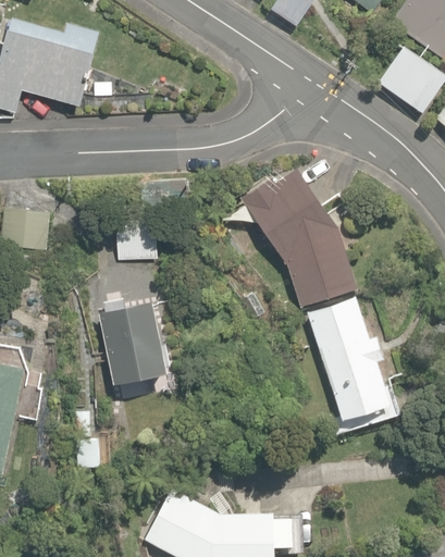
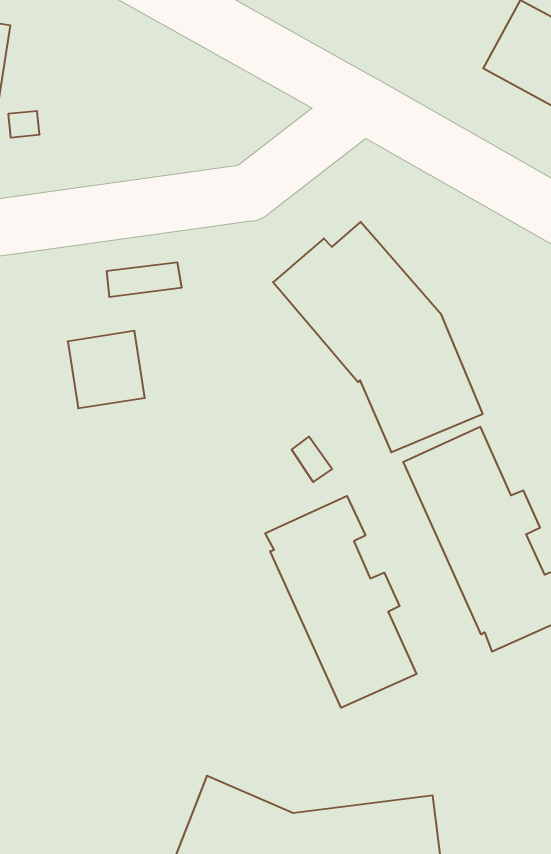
building: [98,300,166,383] -> none
building: none -> [265,496,416,708]

